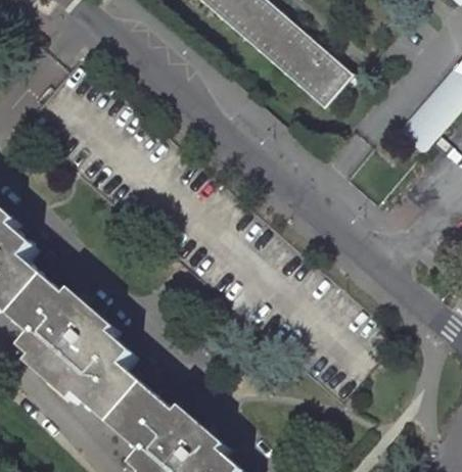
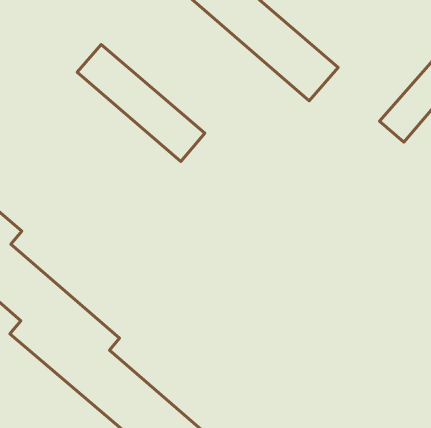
building: none -> [77,45,205,162]

